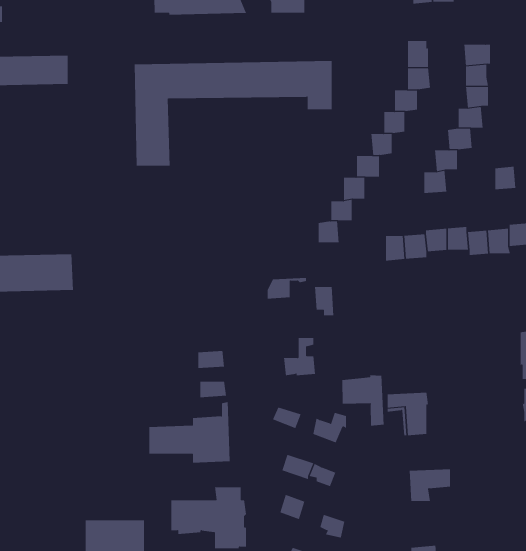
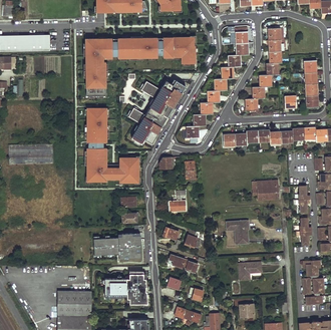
building: none -> [128,81,186,144]
building: none -> [85,106,137,183]
building: none -> [251,180,277,200]
building: [342,374,384,427] -> none

